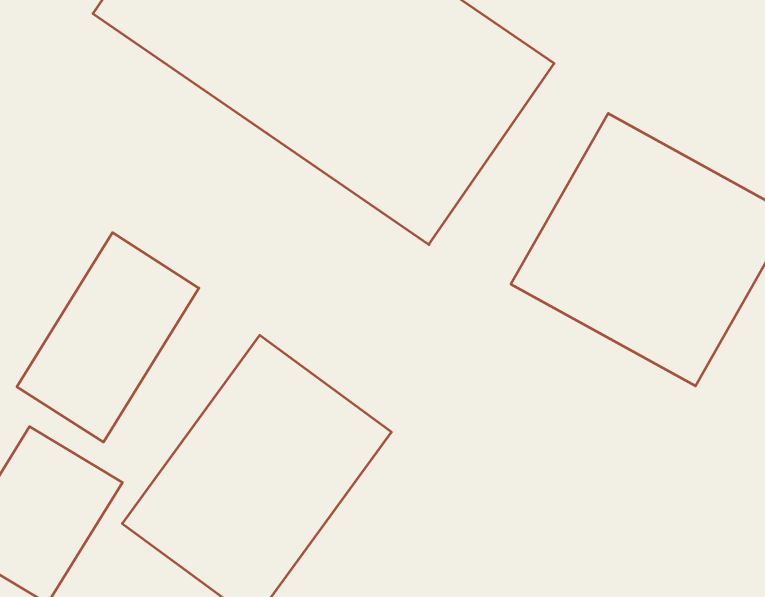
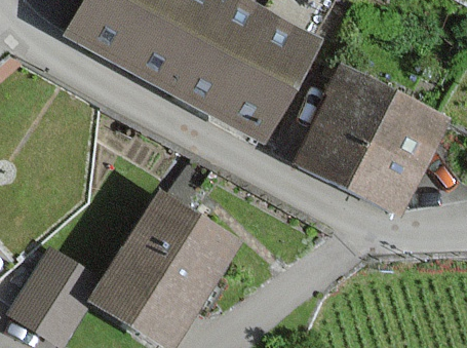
building: [17,233,199,442] -> none

